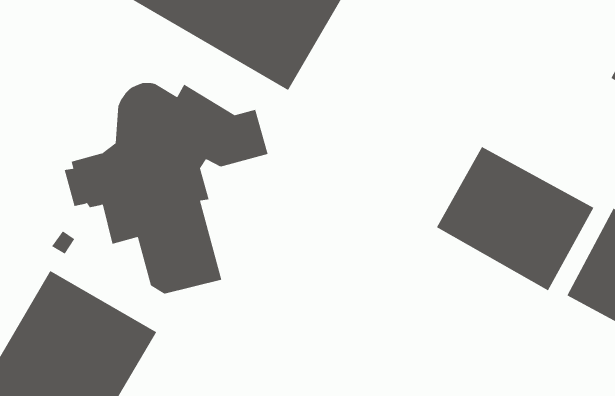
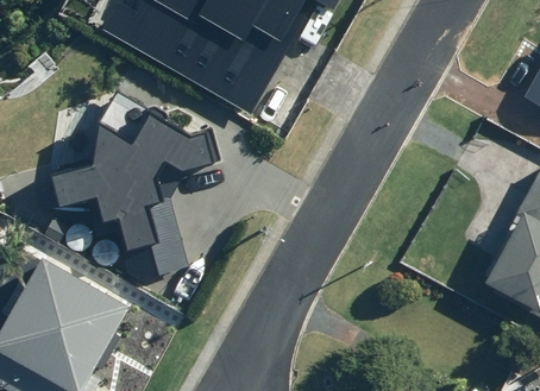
building: [436,146,594,291] -> none

